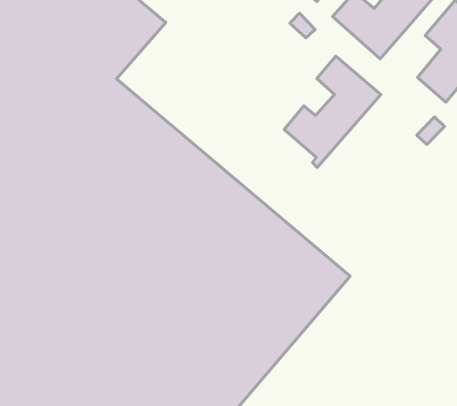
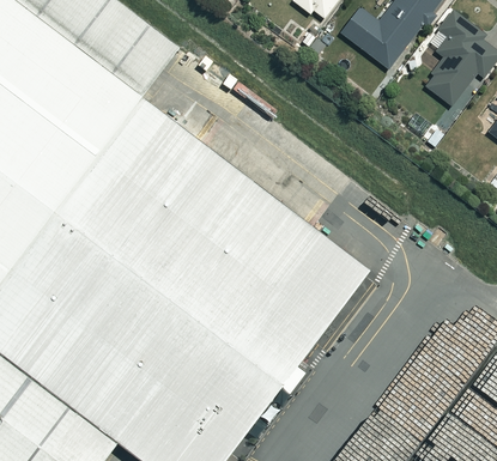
building: [284,56,381,168] -> none

